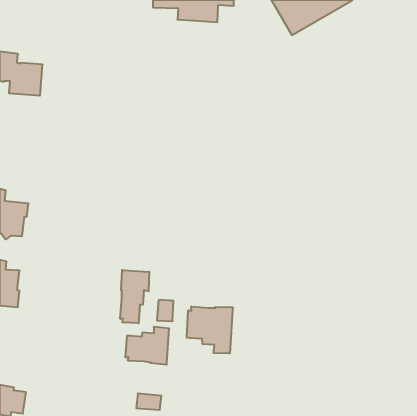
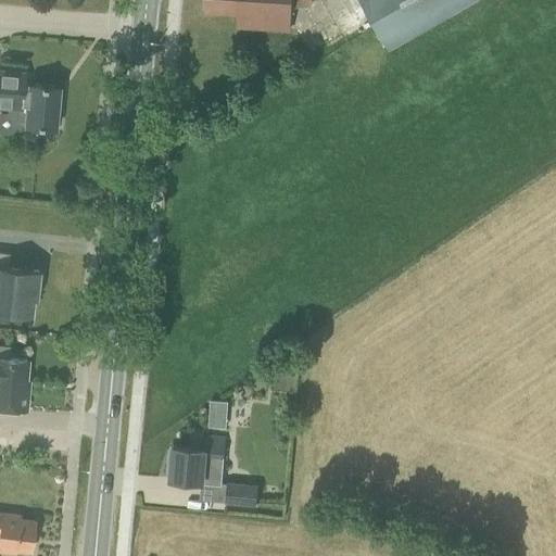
building: [120,270,149,323] -> none
building: [187,306,233,353] -> none
building: [136,393,162,410] -> [224,484,257,506]

